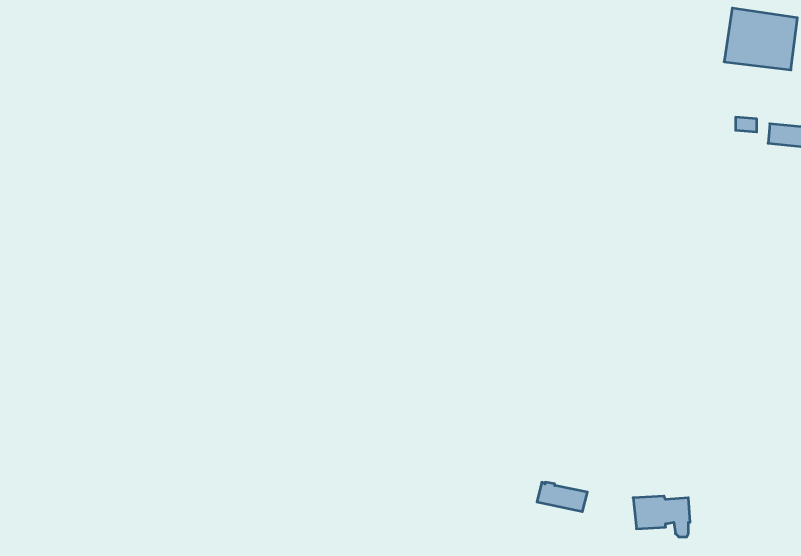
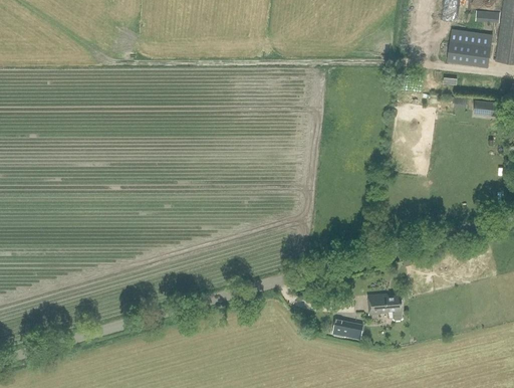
building: [633,496,690,537] -> [367,295,403,320]

